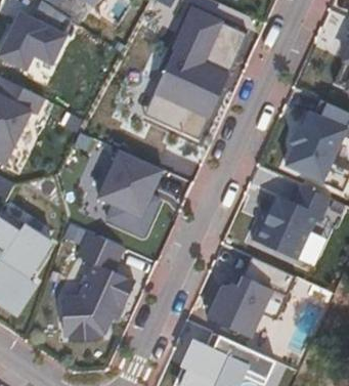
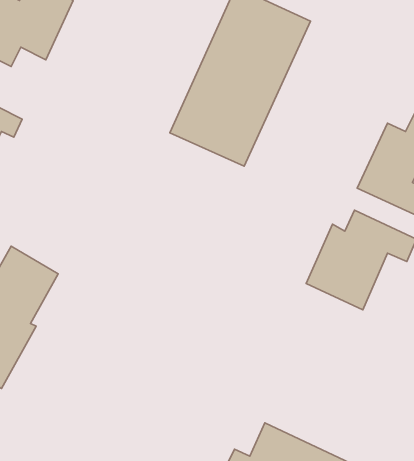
building: [112,154,170,227] -> none
building: [63,231,133,340] -> none
building: [207,253,292,332] -> none

